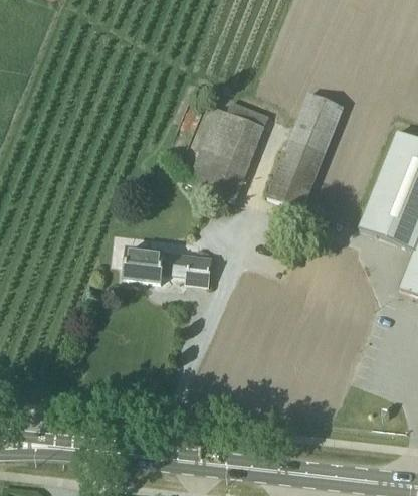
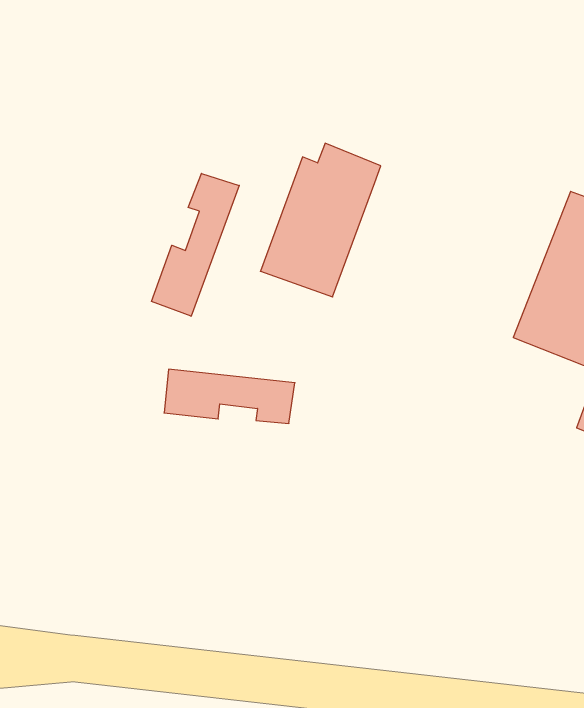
building: [266,91,346,210] -> none
building: none -> [151,173,239,316]

